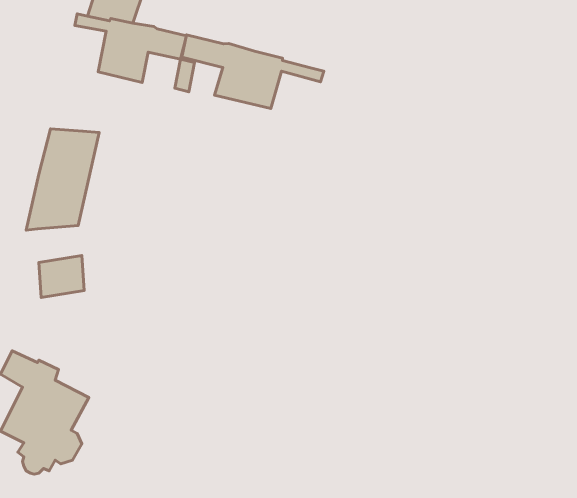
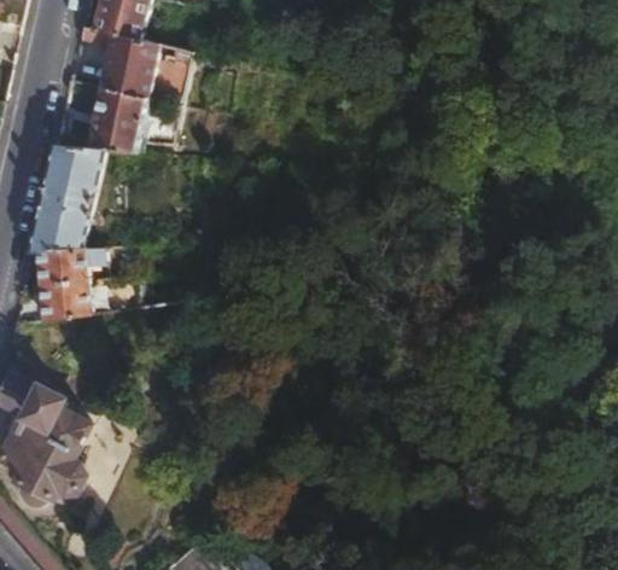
building: [182,35,324,109] -> none
building: none -> [87,87,148,152]
building: none -> [40,245,105,285]

